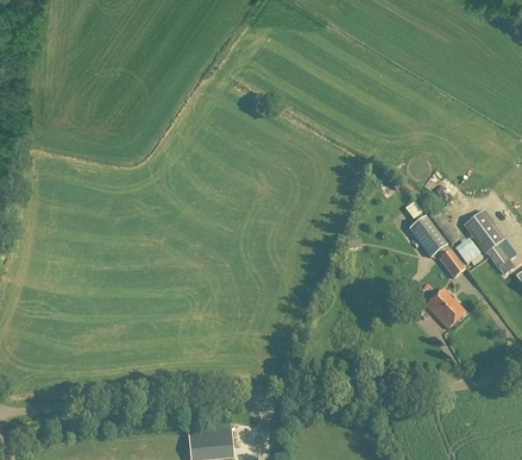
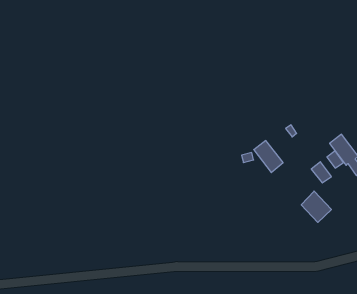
building: [410,215,448,257] -> [254,141,283,173]

